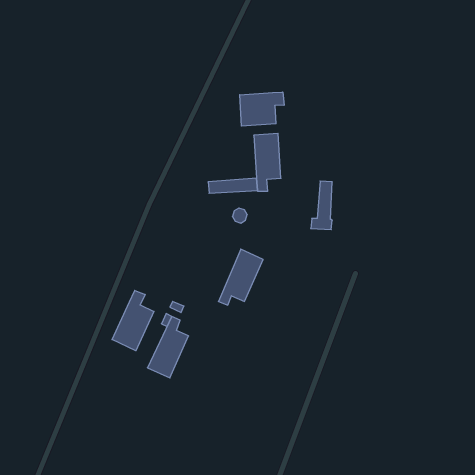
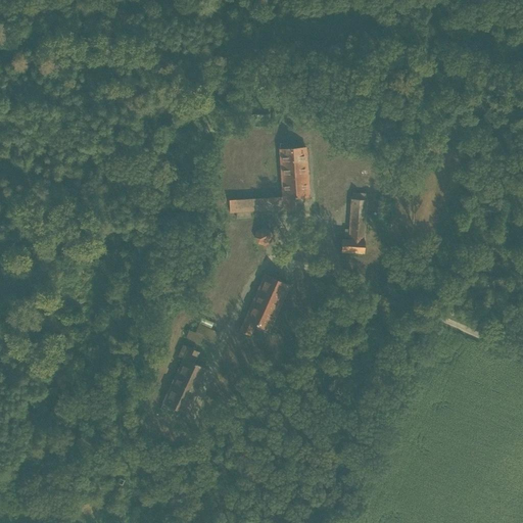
building: [240,92,284,126] -> none
building: [112,290,154,351] -> none

